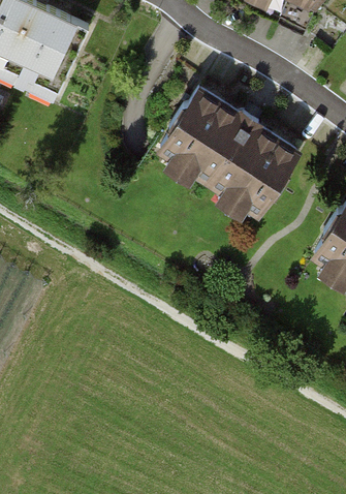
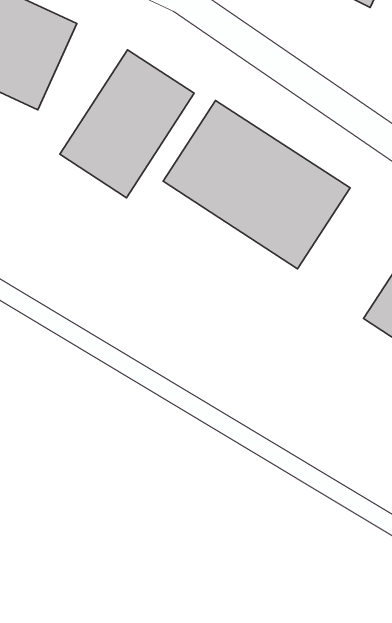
building: none -> [60,50,194,198]

